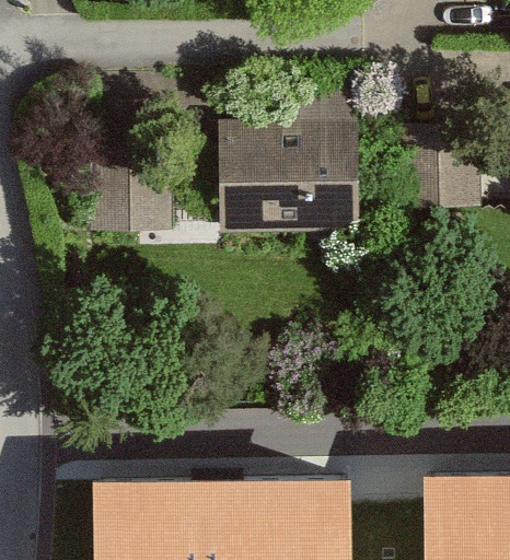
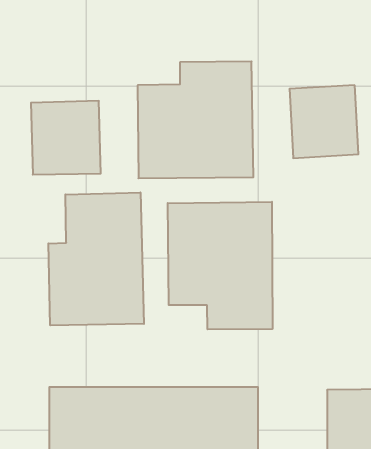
building: none -> [48,192,144,325]
building: none -> [168,202,272,329]

